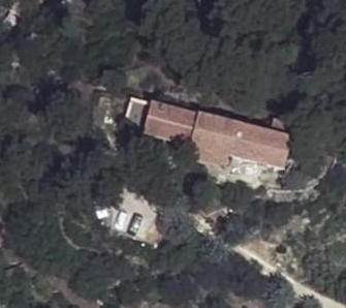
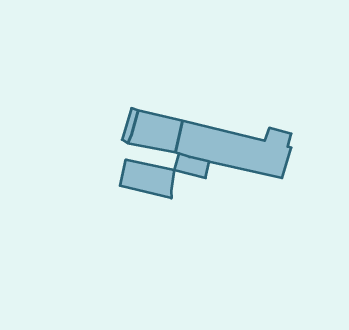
building: none -> [120,160,174,198]

